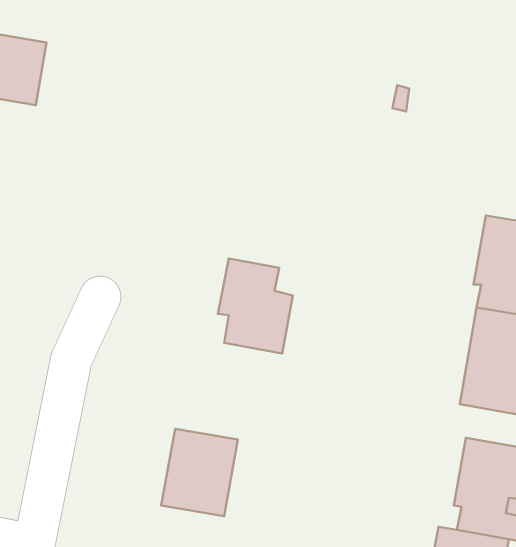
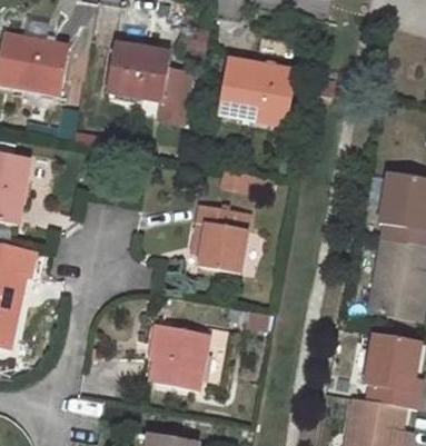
building: none -> [107,44,190,122]
building: none -> [221,60,293,123]

